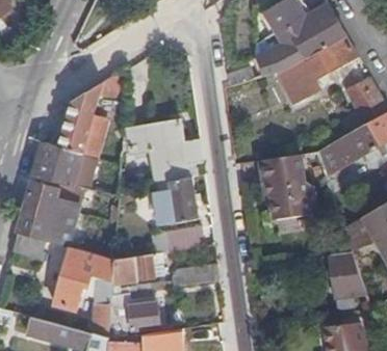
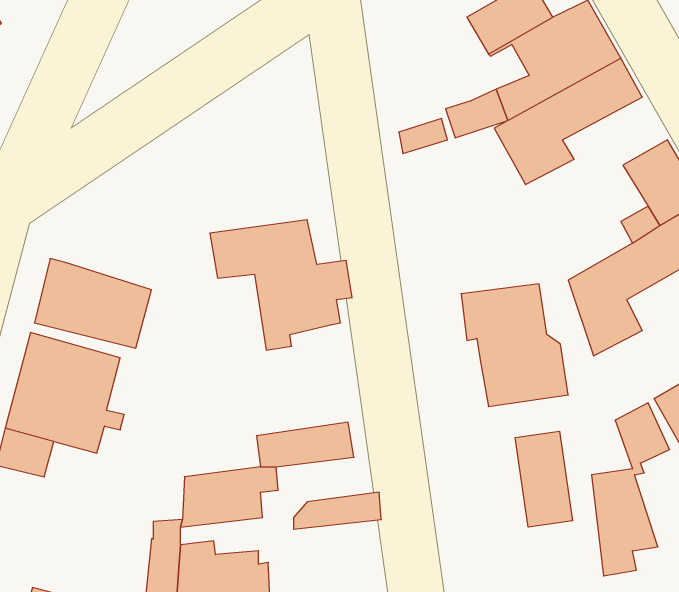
building: [50,70,122,159] -> none
building: [155,178,200,226] -> none
building: none -> [515,431,573,527]
building: [53,247,113,310] -> none

